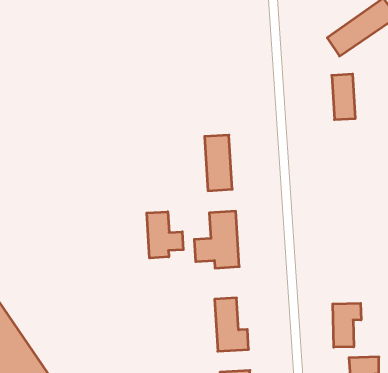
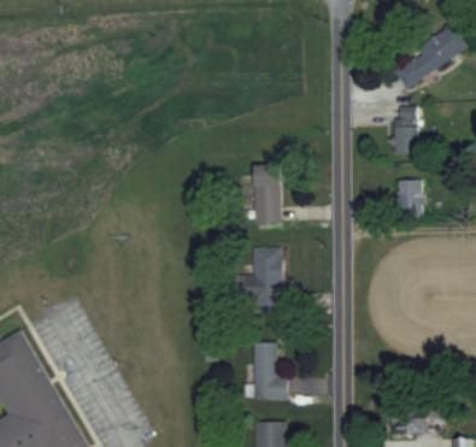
building: none -> [398,181,423,217]
building: [147,212,183,258] -> none
building: [333,303,361,347] -> none

